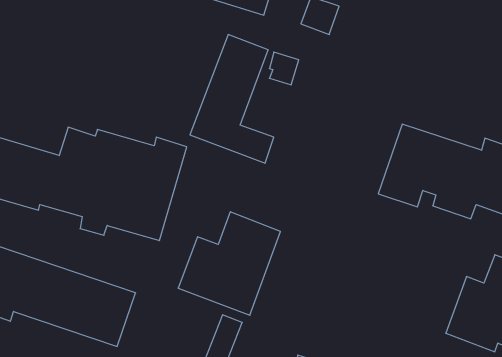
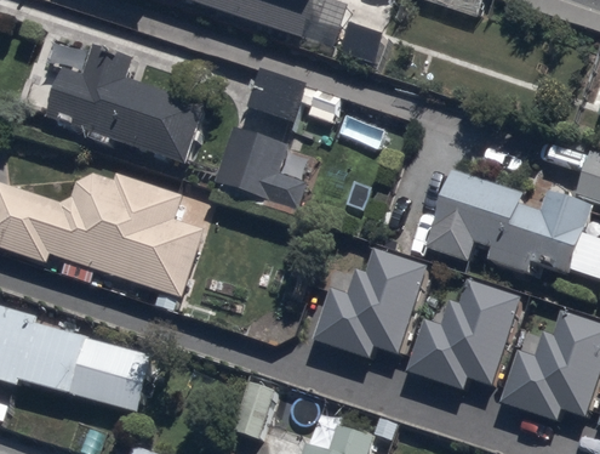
building: none -> [46,46,210,168]
building: [178,212,280,315] -> [313,249,427,364]
building: none -> [407,286,514,392]

